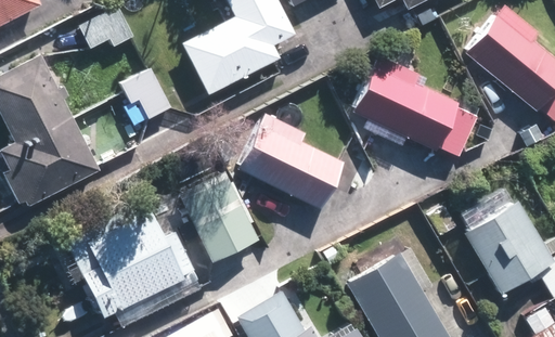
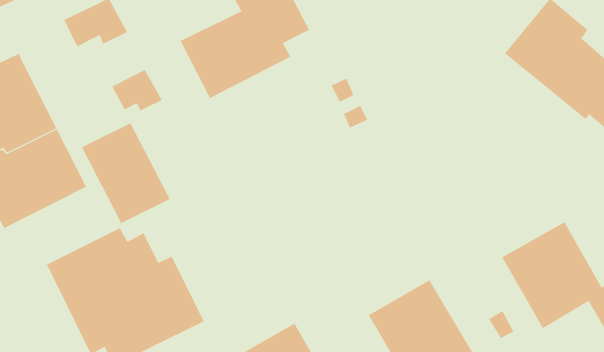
building: [352,55,478,156] -> none
building: [237,113,344,209] -> none
building: [184,177,262,265] -> [81,123,170,224]

